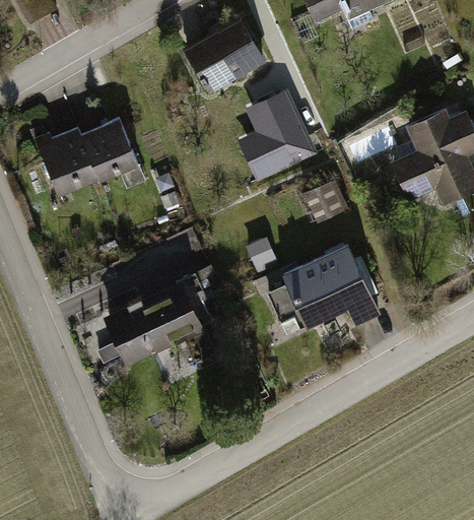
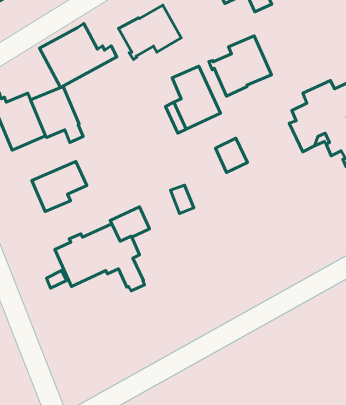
building: none -> [39,24,117,87]
building: none -> [209,36,271,96]
building: none -> [32,162,87,212]
building: [269,246,379,322] -> none

